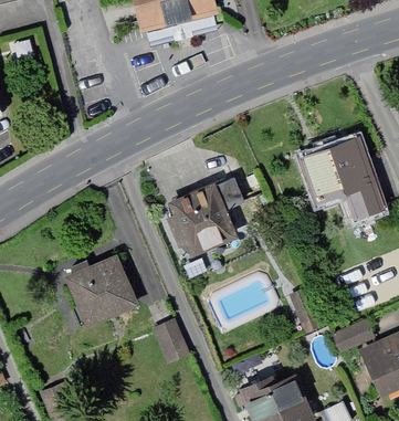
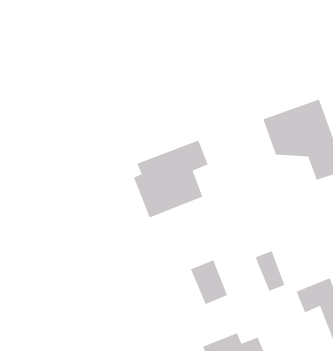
building: [64,256,139,328] -> none
building: [151,319,190,366] -> [190,260,228,305]

